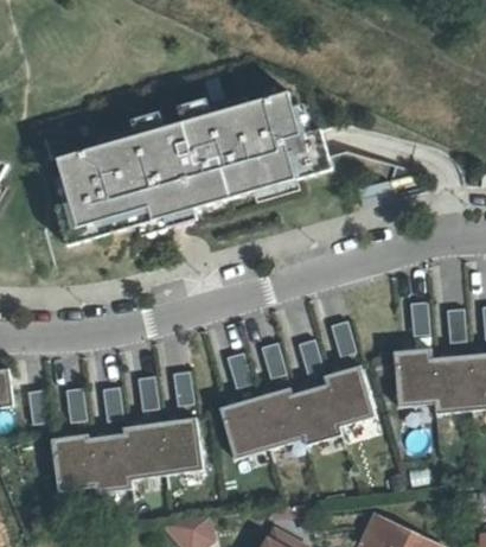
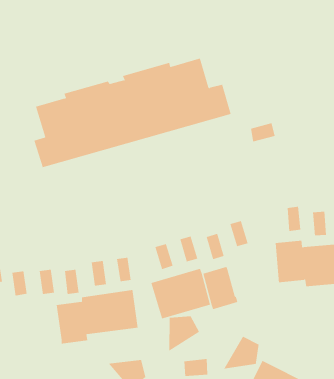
building: [322,363,375,425] -> none
building: [51,432,95,490] -> none
building: none -> [169,316,200,352]
building: none -> [223,336,259,370]

